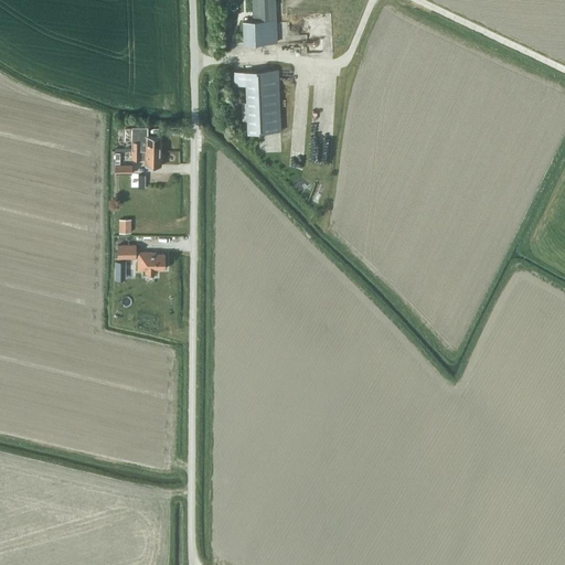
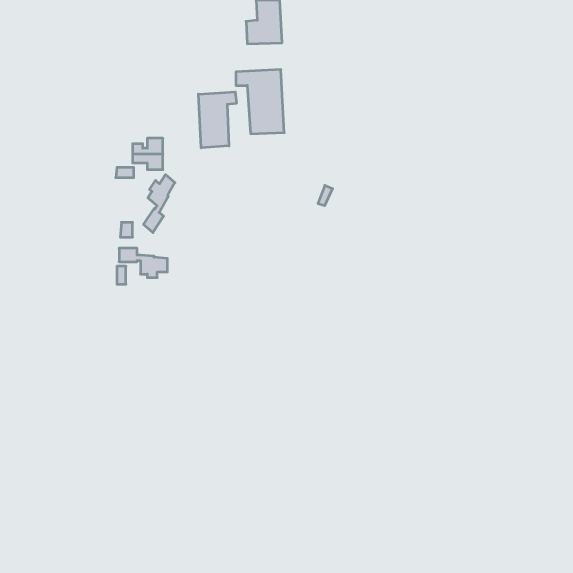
building: none -> [198,92,236,148]
building: none -> [144,175,175,233]

